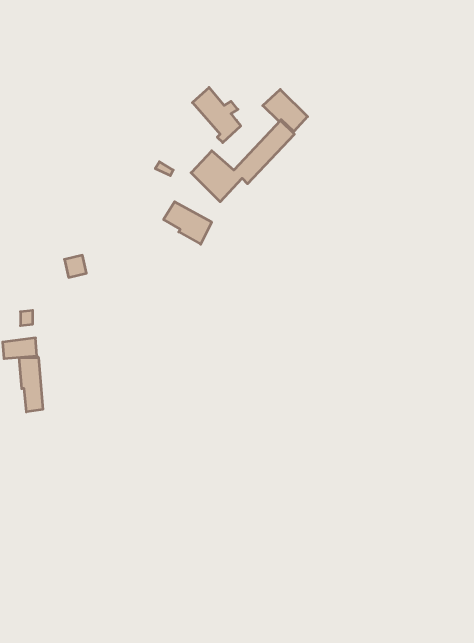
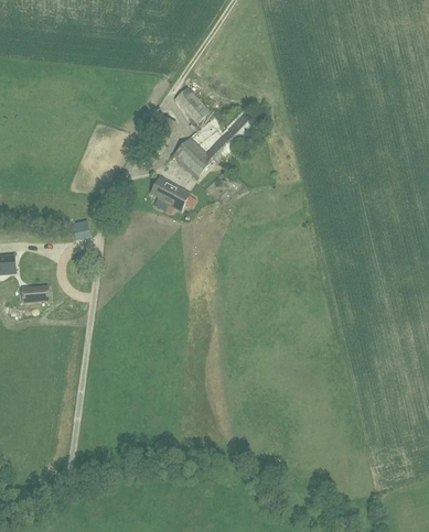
building: [263,89,308,132] -> none
building: [19,357,43,412] -> none

